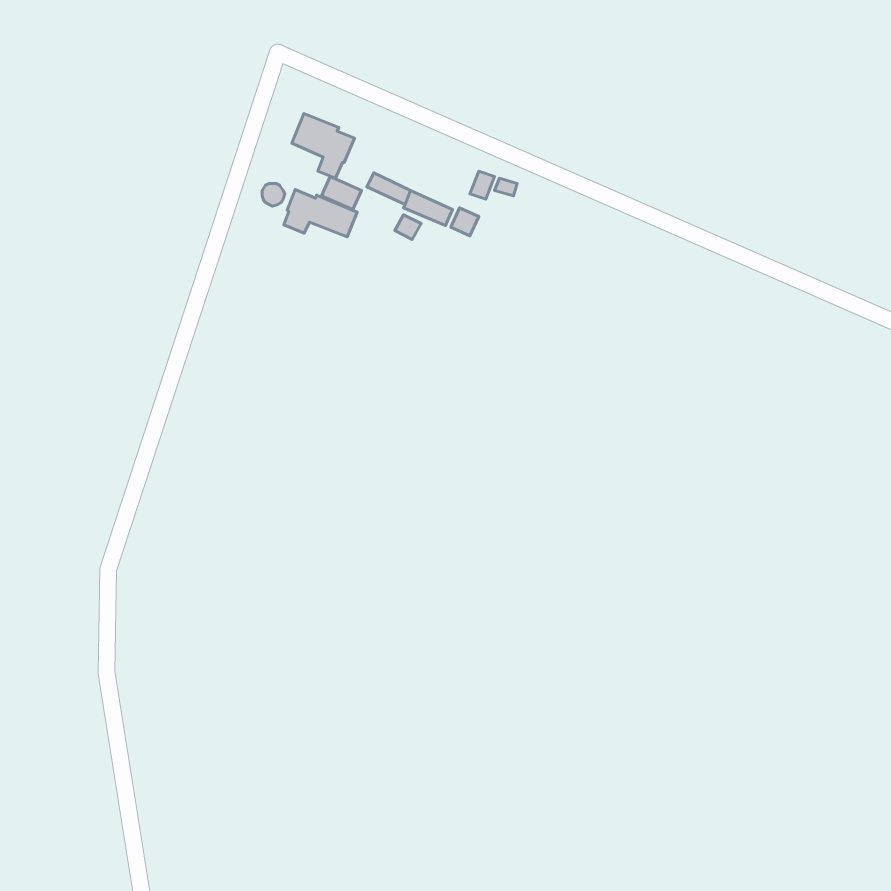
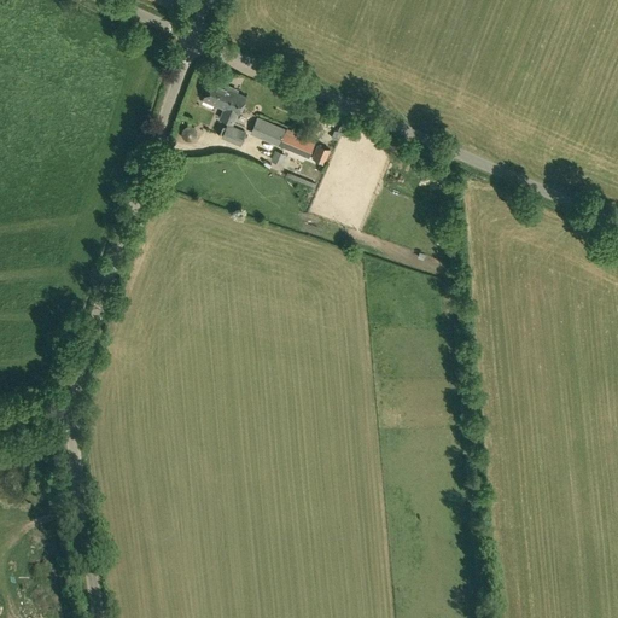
building: [284,190,357,237] -> none

